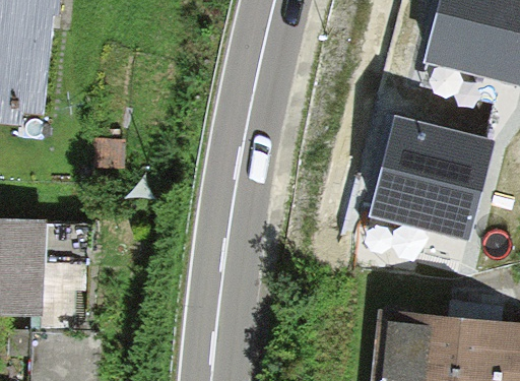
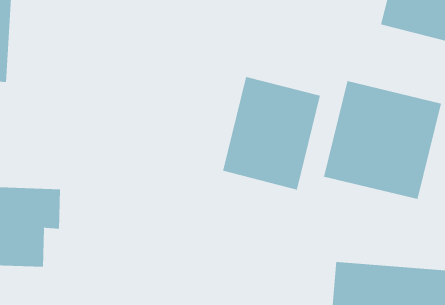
building: none -> [222,76,321,190]

